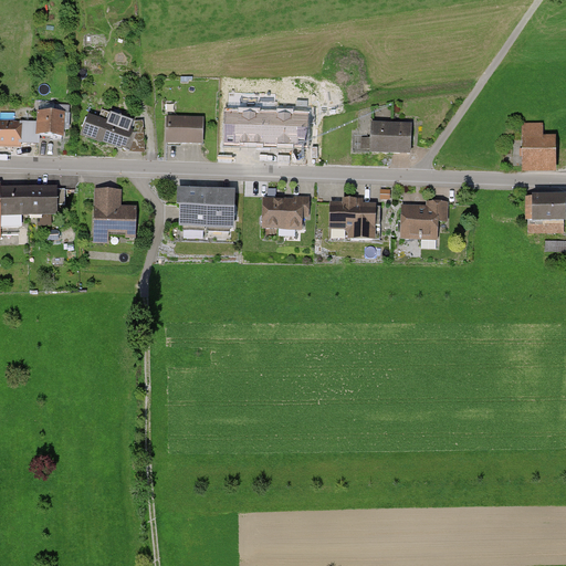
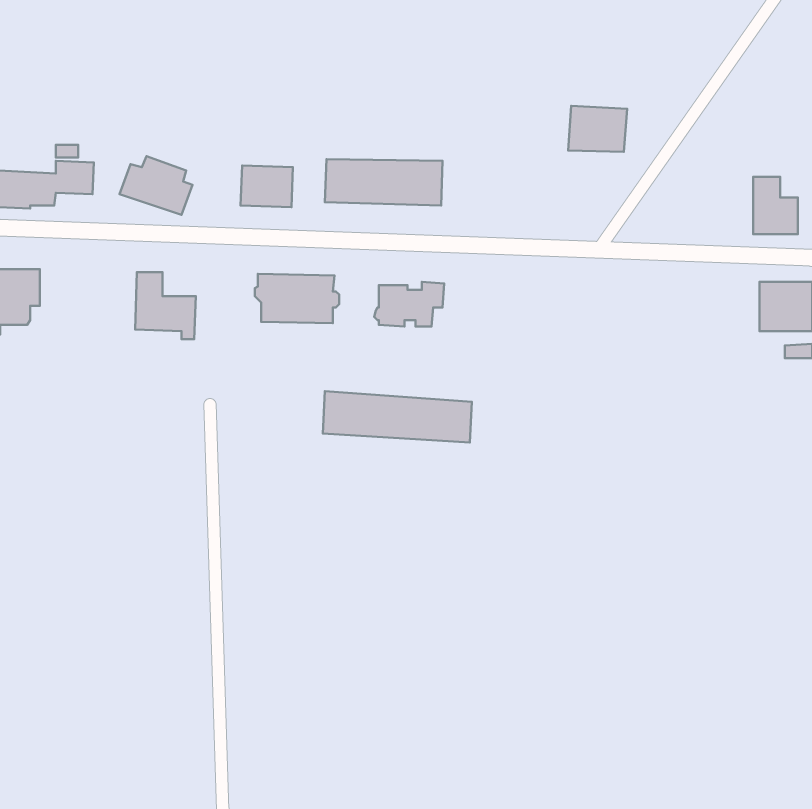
building: [371,120,412,153] -> [568,106,627,152]
building: [28,187,64,212] -> none
building: [331,198,380,238] -> none
building: [401,200,446,244] -> none
building: none -> [323,391,472,443]

